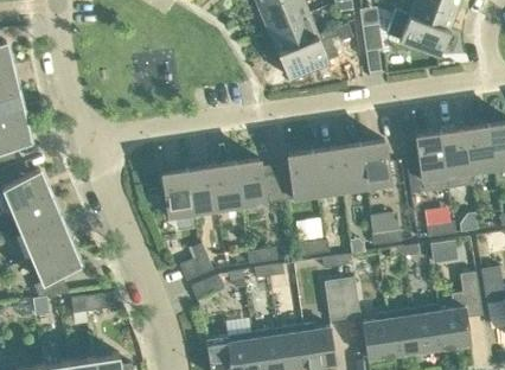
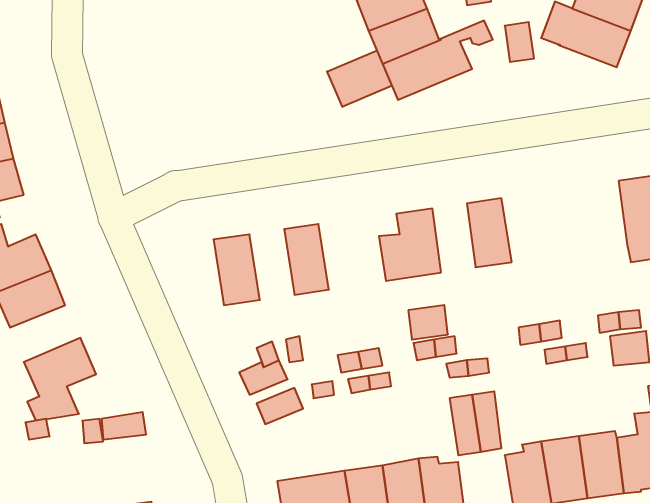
building: none -> [327,51,392,107]
building: [404,133,448,193] -> none
building: [359,140,390,189] -> none
building: [312,148,341,196] -> none
building: [234,159,280,208] -> none
building: [186,166,217,215] -> none
building: [21,218,70,257] -> none

